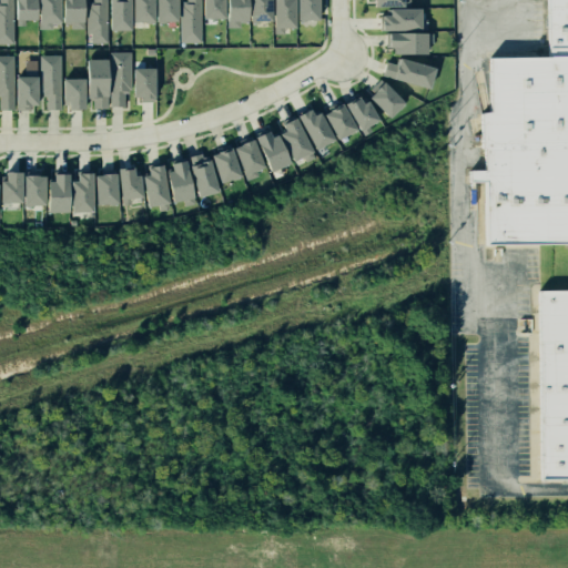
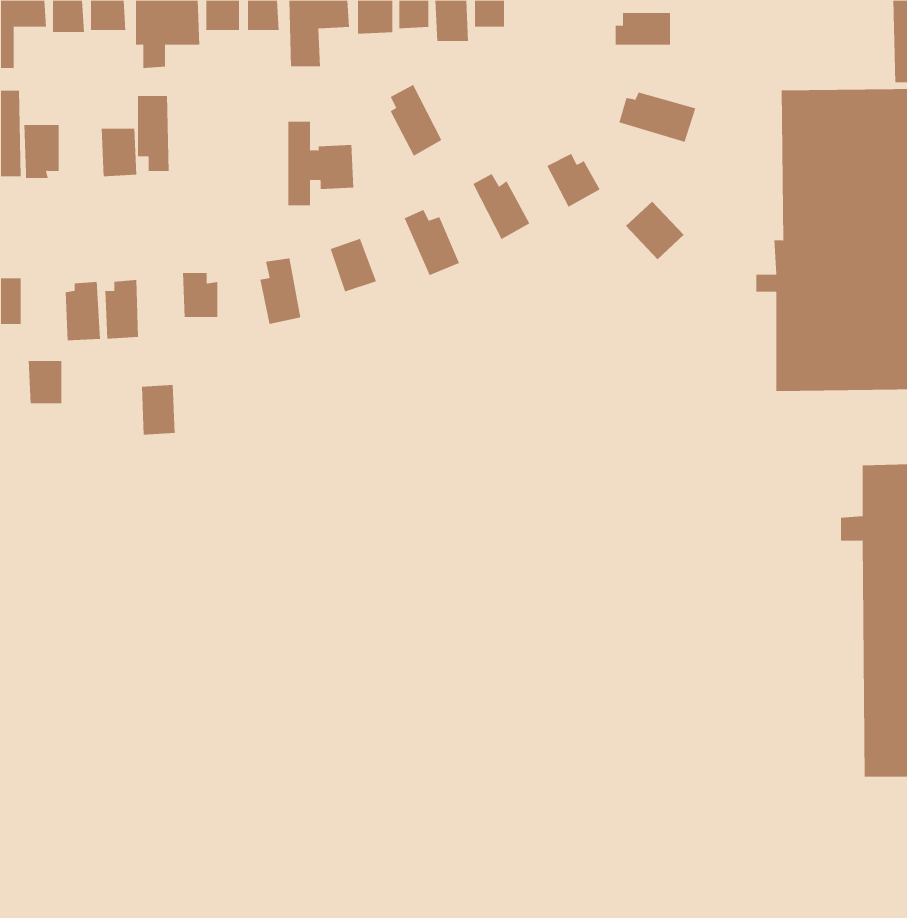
building: [393,33,428,53] -> none
building: [116,54,158,106] -> [287,121,354,206]
building: [47,57,69,111] -> none
building: [368,82,405,119] -> [625,201,685,260]
building: [325,105,356,139] -> none
building: [281,118,313,162] -> [390,84,442,156]
building: [235,140,264,174] -> none
building: [189,159,217,196] -> none
building: [145,165,171,206] -> none
building: [97,174,118,205] -> [141,385,175,435]
building: [24,178,45,204] -> [28,361,62,404]

